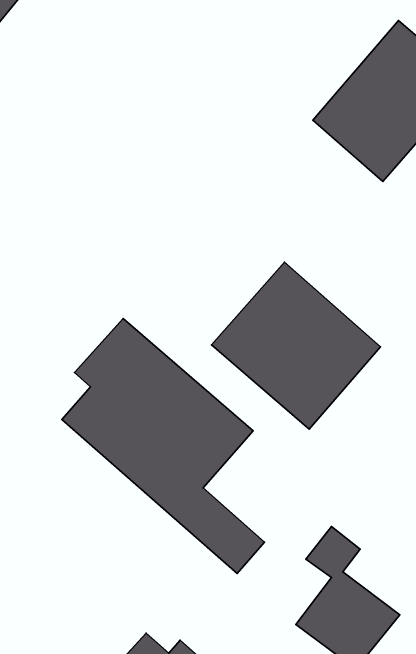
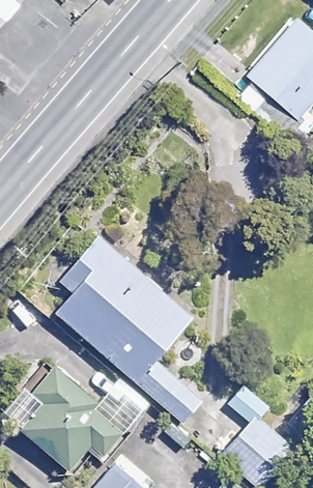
building: [212,262,380,429] -> none
building: none -> [16,375,123,470]

